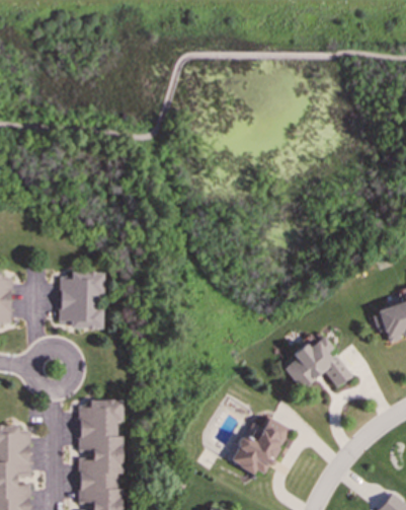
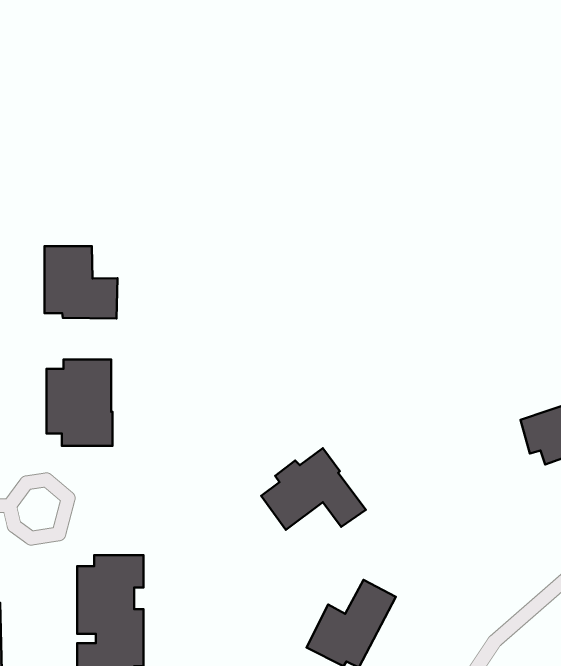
building: none -> [44,246,118,318]
building: [283,336,352,389] -> [261,448,366,530]

